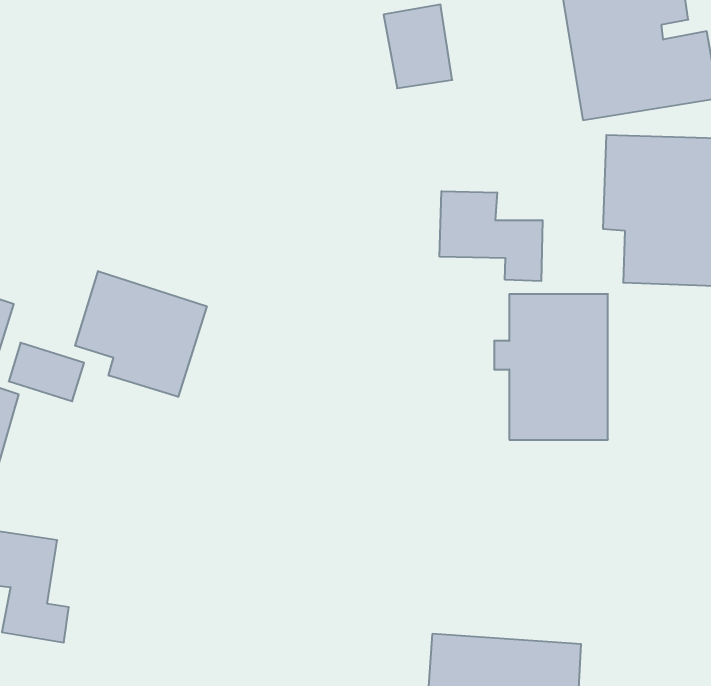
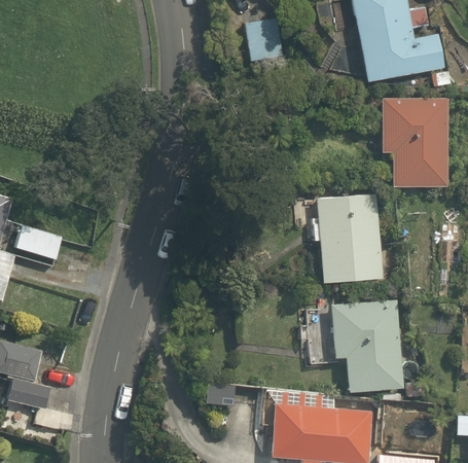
building: [440,191,542,281] -> none
building: [75,271,207,397] -> none
building: none -> [328,298,403,395]

